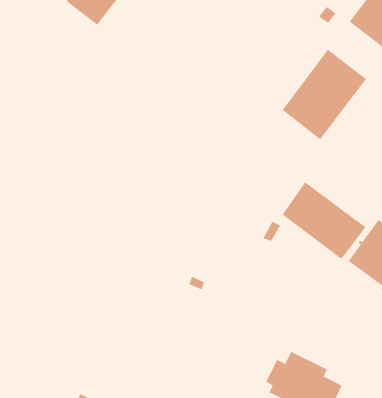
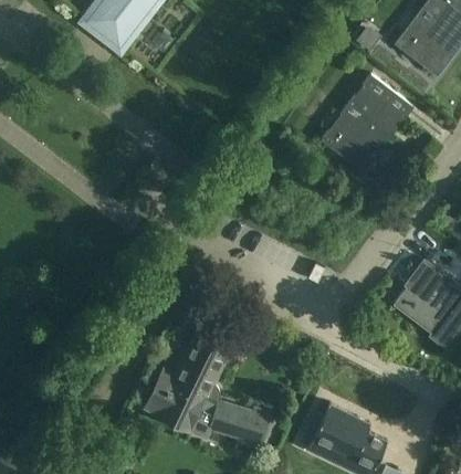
building: [282,182,366,260] -> none
building: none -> [147,335,270,443]

